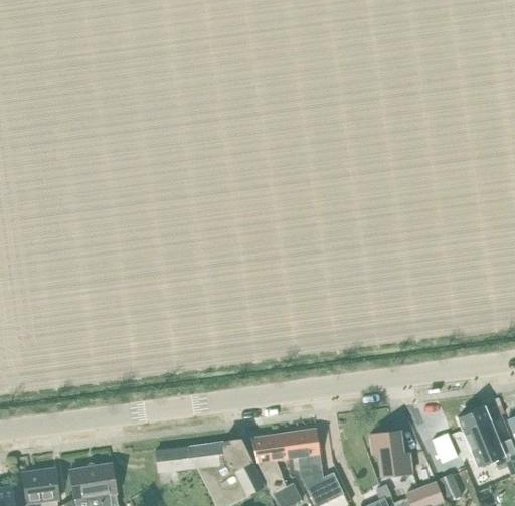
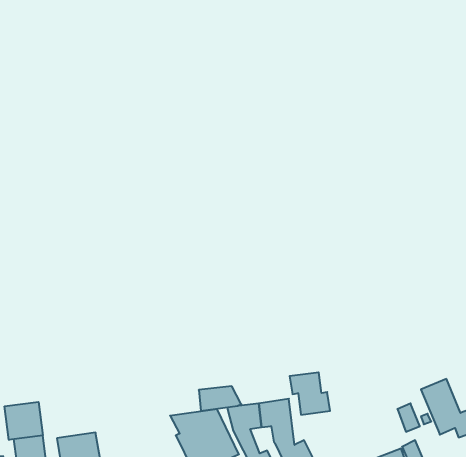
building: [369,432,412,477] -> [290,372,330,415]
building: none -> [5,402,43,440]
building: [155,447,200,473] -> [199,386,241,411]

